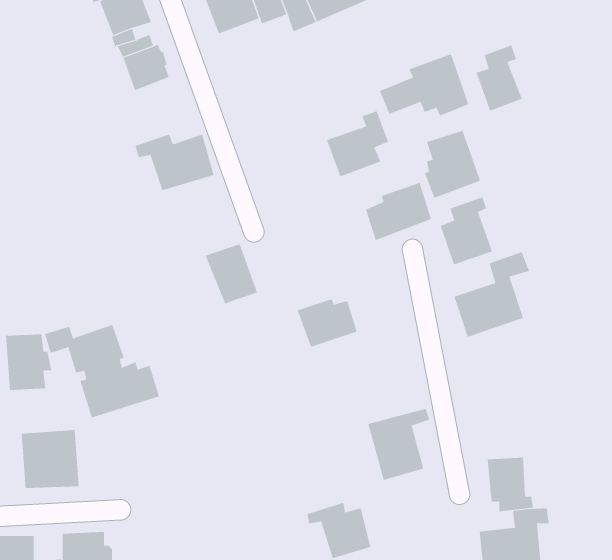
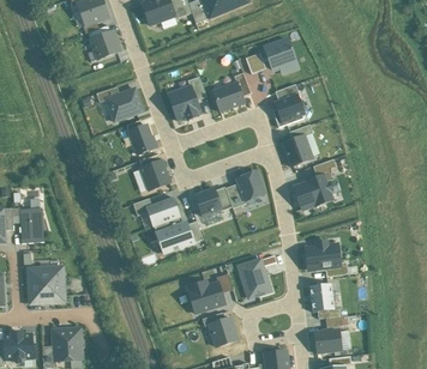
building: [476,45,523,112] -> none
building: none -> [169,75,209,120]
building: [365,182,432,241] -> [228,170,269,206]
building: none -> [128,119,161,153]
building: [44,324,160,418] -> [134,195,205,253]
building: none -> [306,238,350,274]
building: none -> [187,272,239,313]

